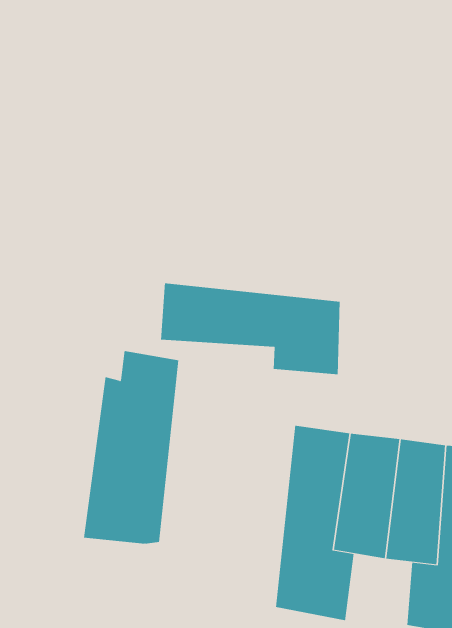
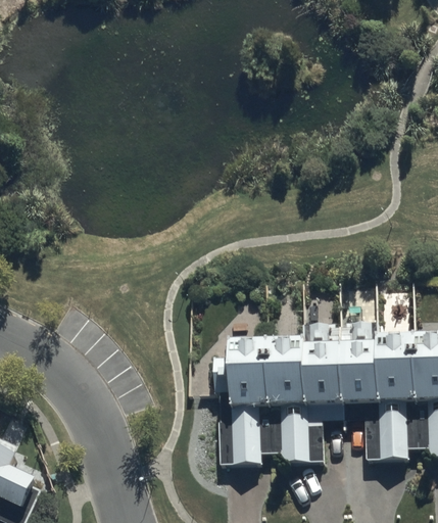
building: [160,282,340,375] -> none
building: [83,351,179,544] -> [215,333,274,469]

